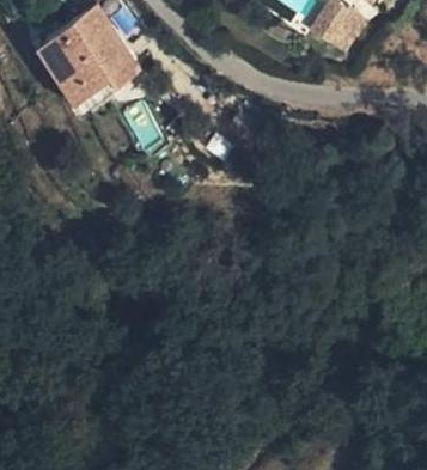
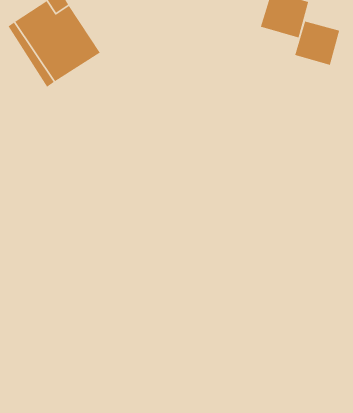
building: none -> [294,20,340,66]

